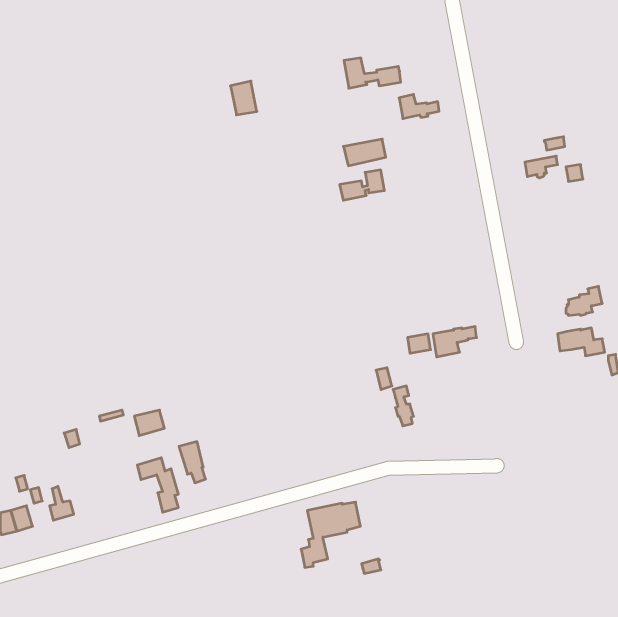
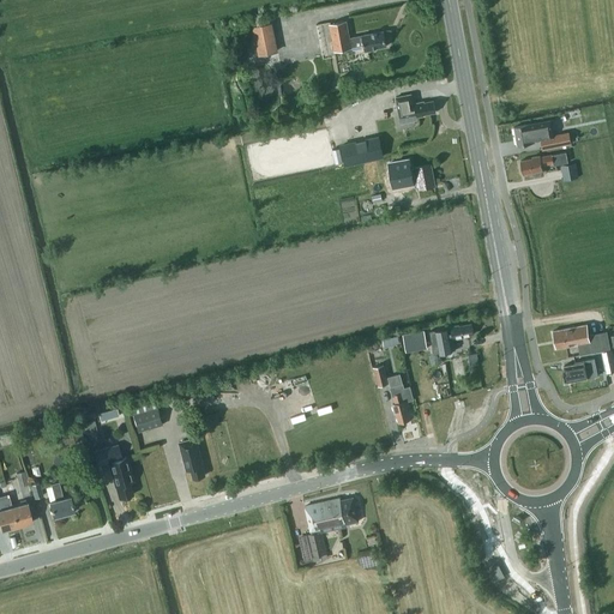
building: [344,58,401,88] -> [329,23,385,53]
building: [230,81,257,115] -> [252,23,278,56]
building: none -> [513,124,552,149]
building: [340,170,384,200] -> [391,165,435,195]
building: [566,286,602,315] -> [561,354,597,383]
building: [137,458,178,512] -> [91,445,132,499]

